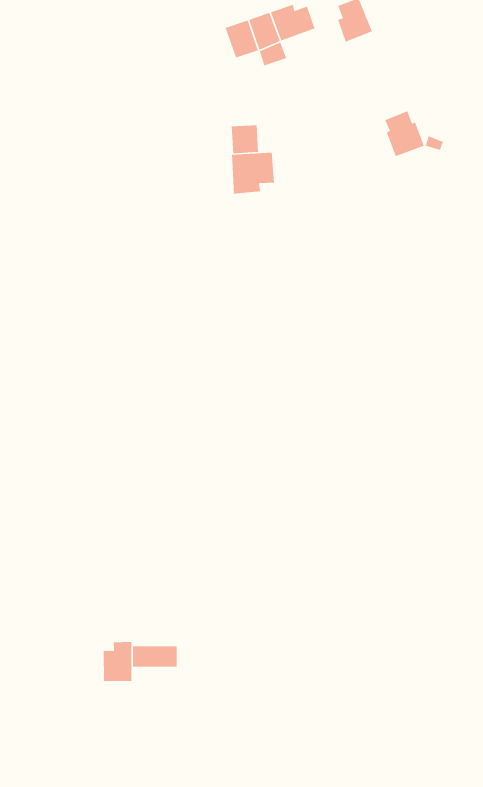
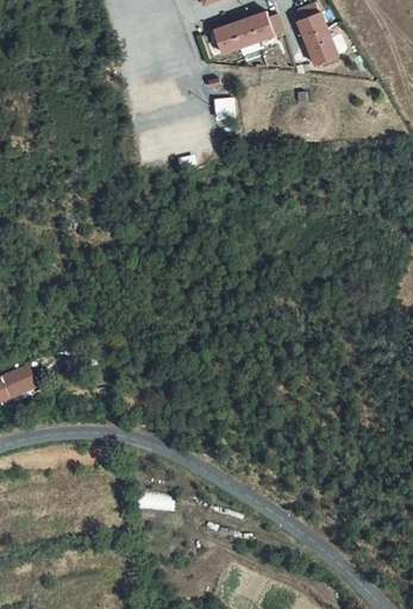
building: [384,110,425,157] -> [305,30,336,65]
building: [231,152,275,194] -> none
building: [103,641,132,682] -> none

